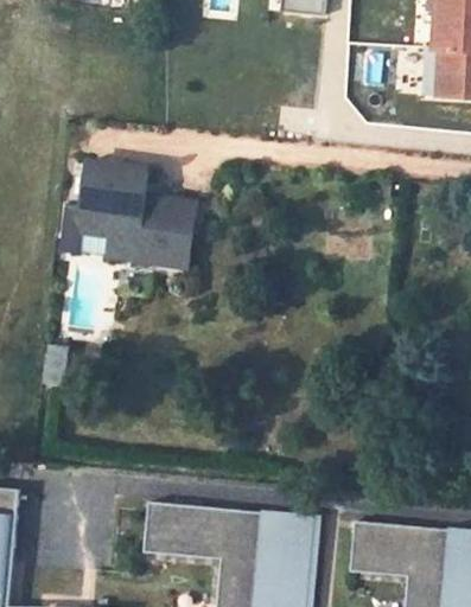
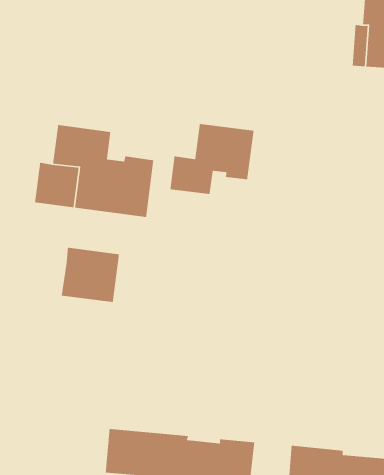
building: none -> [169,123,254,195]
building: none -> [61,247,120,303]

